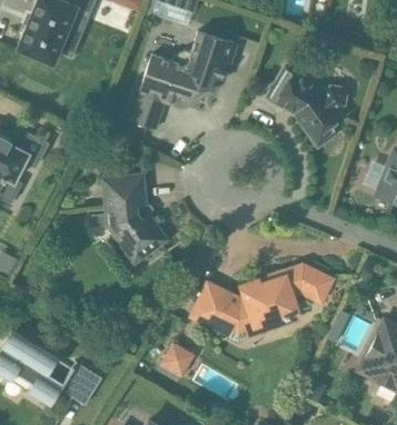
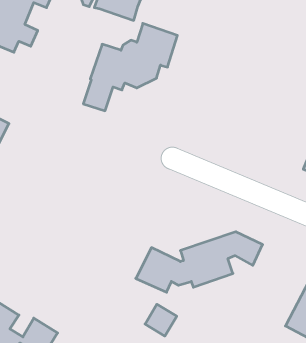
building: [267,66,345,146] -> none
building: [103,175,167,264] -> none
building: [160,343,196,378] -> [145,304,177,336]

